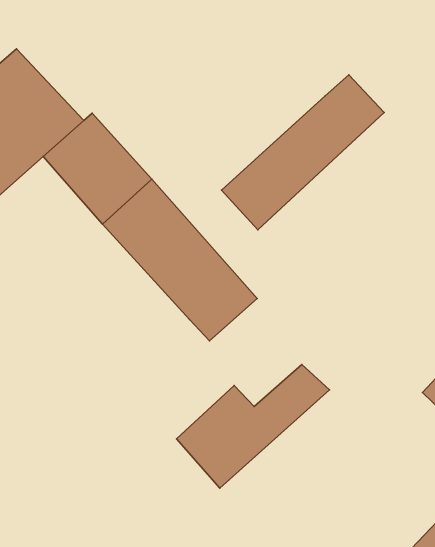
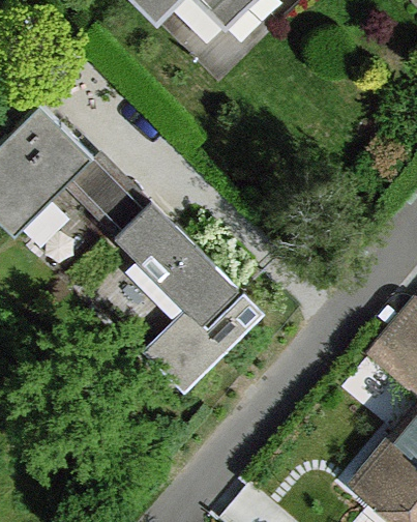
building: [222,75,384,230] -> none
building: [176,364,329,488] -> [144,290,261,390]

